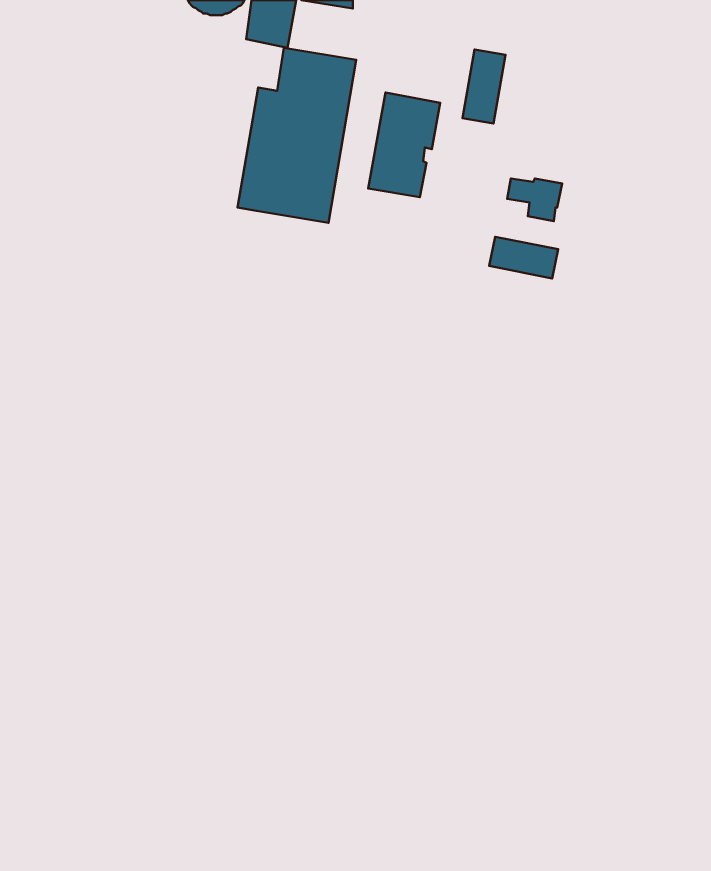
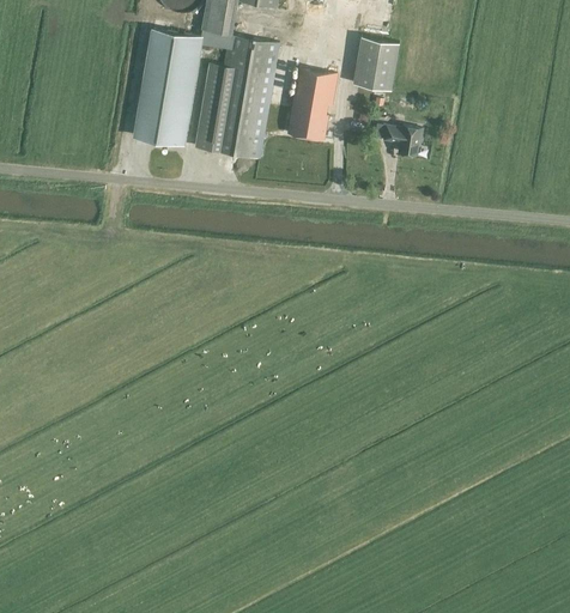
building: none -> [135,30,198,144]
building: none -> [374,41,399,91]
building: [489,237,558,279] -> none

